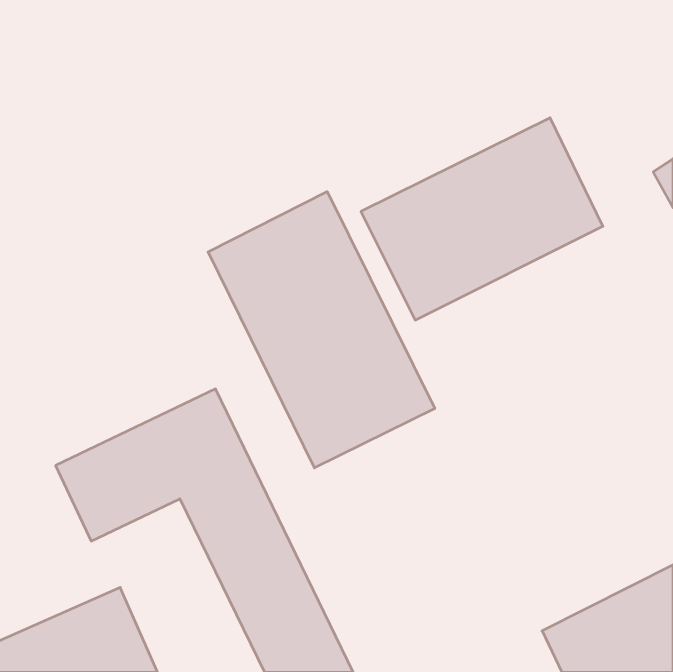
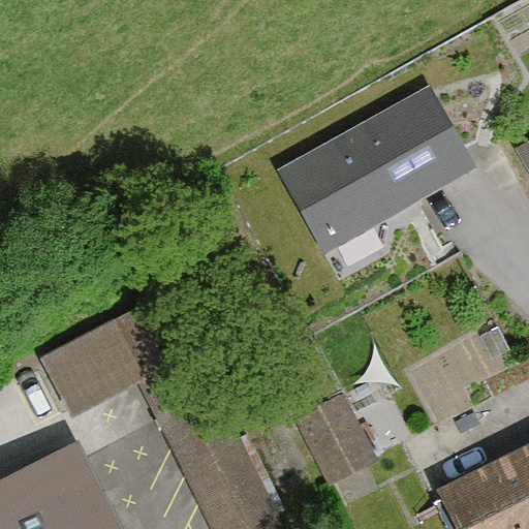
building: [208,192,435,468] -> none
building: none -> [294,395,374,485]

